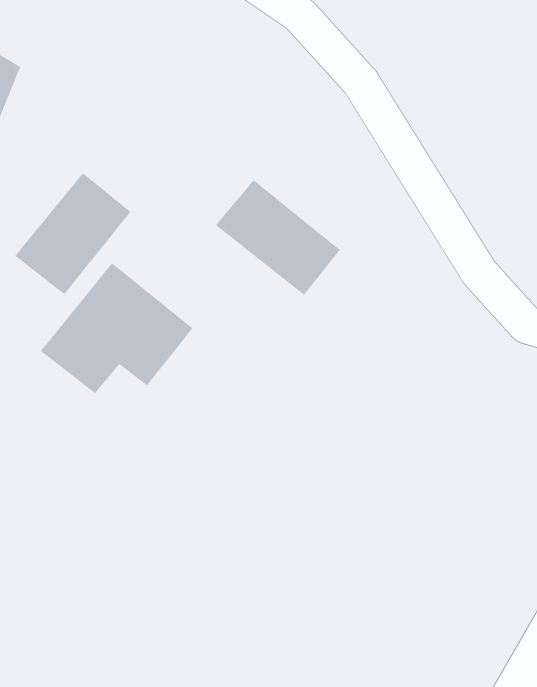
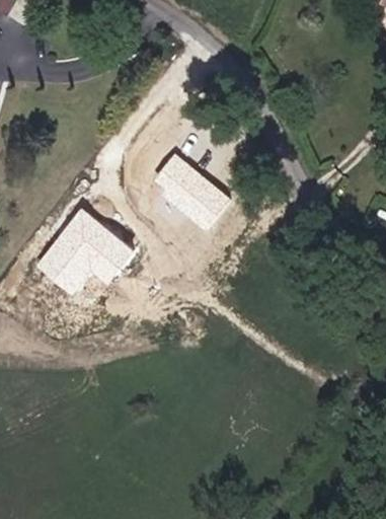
building: [14,172,132,295] -> none

